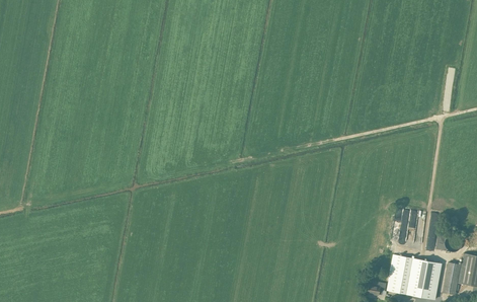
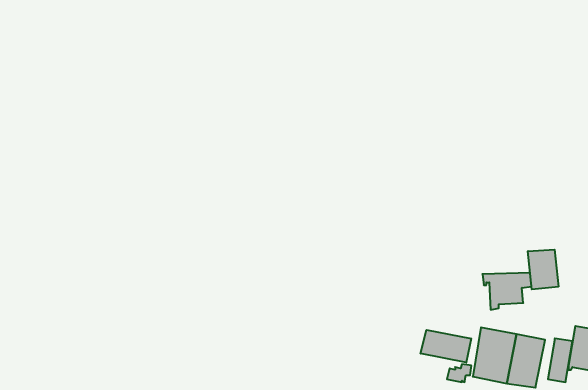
building: none -> [528,250,558,289]
building: none -> [421,330,471,363]

